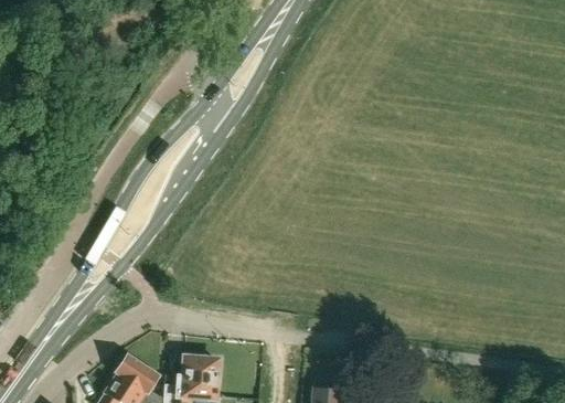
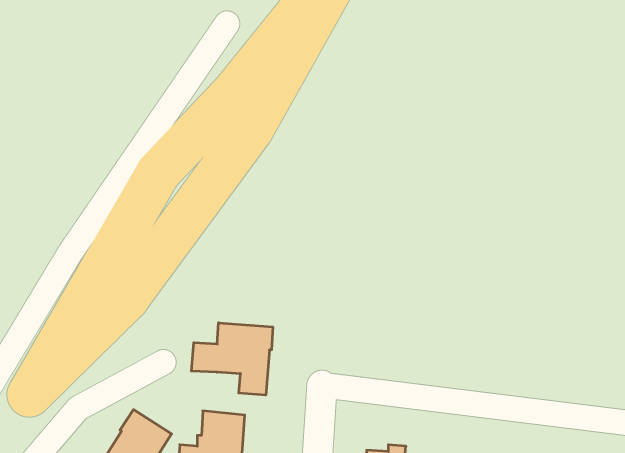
building: none -> [191,323,273,395]

